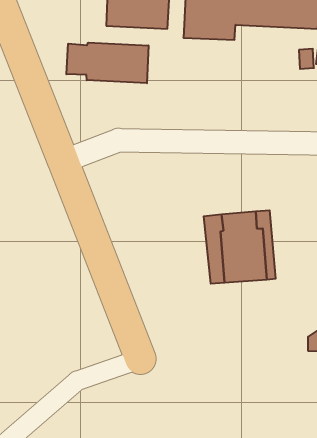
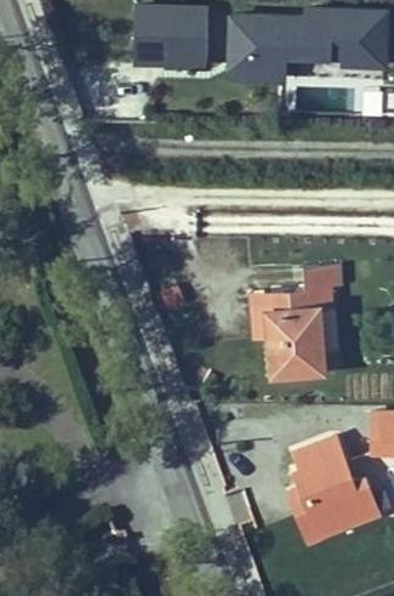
building: [66,43,148,83] -> none
building: none -> [285,438,379,545]

